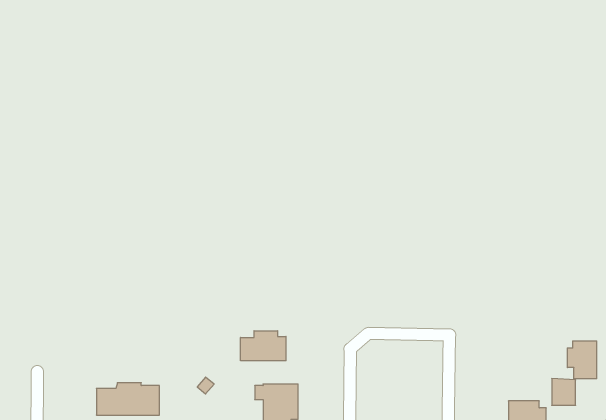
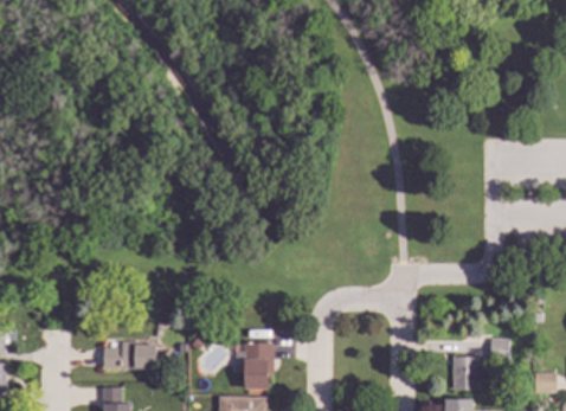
building: [241,331,286,361] -> none
building: [567,341,597,379] -> none

